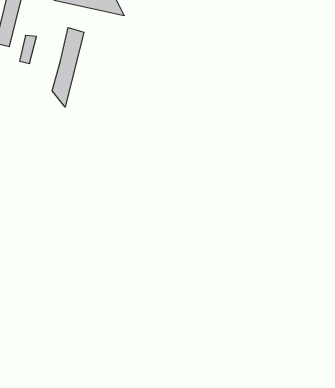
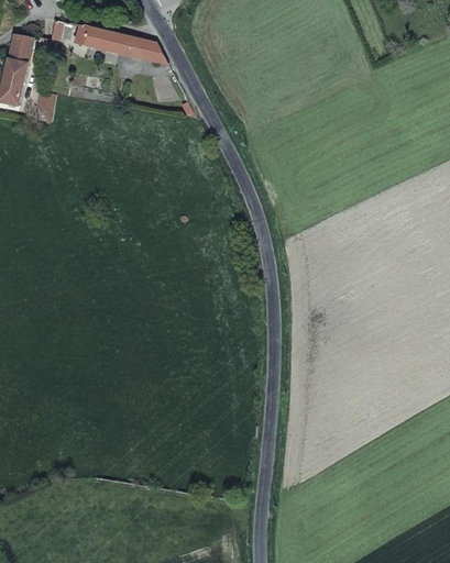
building: [52,28,84,107] -> none

